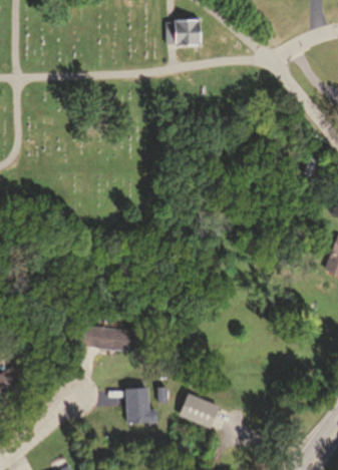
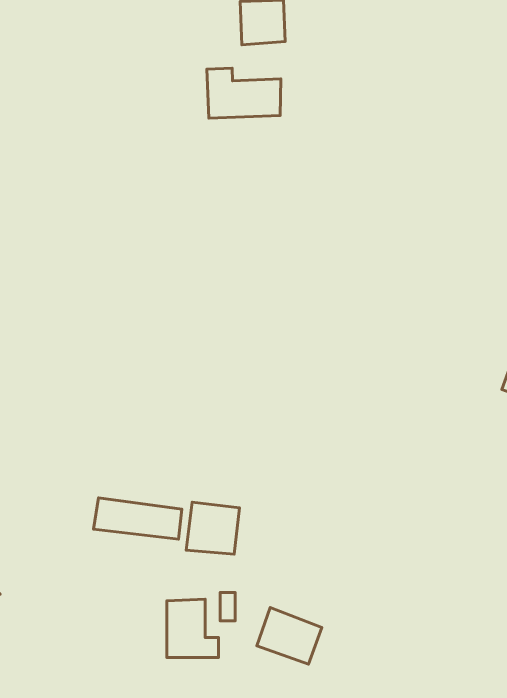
building: none -> [207,68,281,118]
building: none -> [186,502,239,554]

